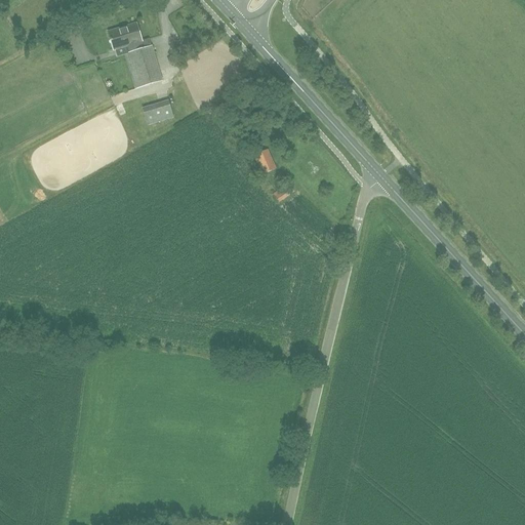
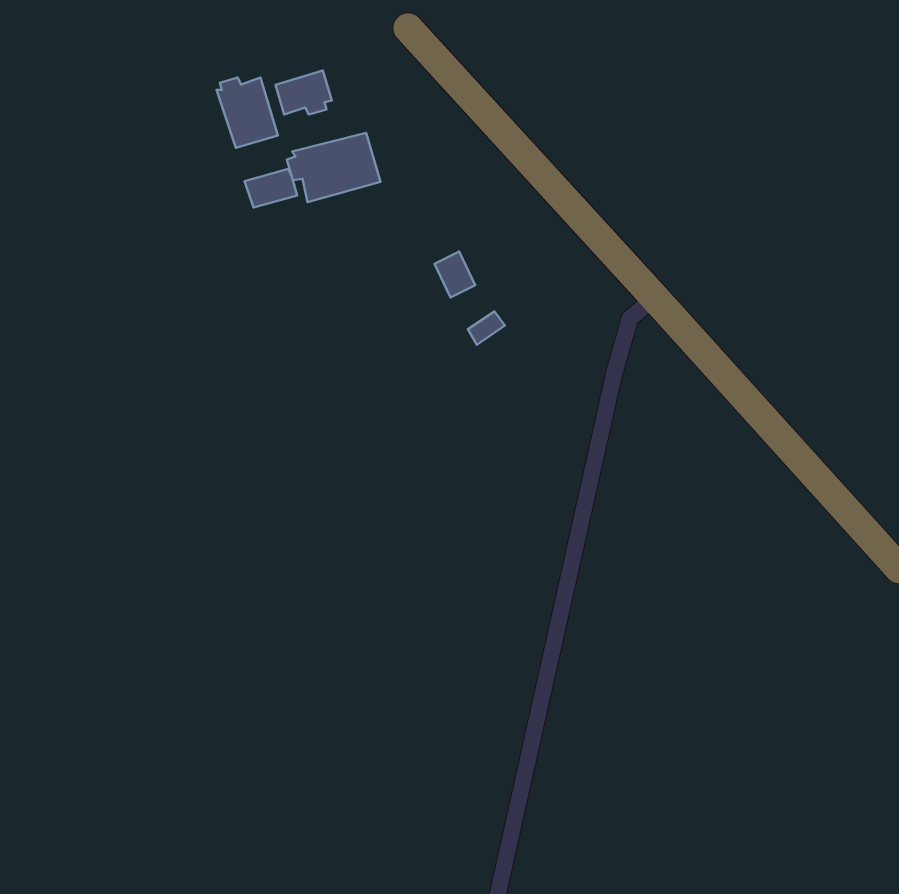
building: [109,23,142,48] -> [275,71,332,115]
building: none -> [287,133,380,202]

